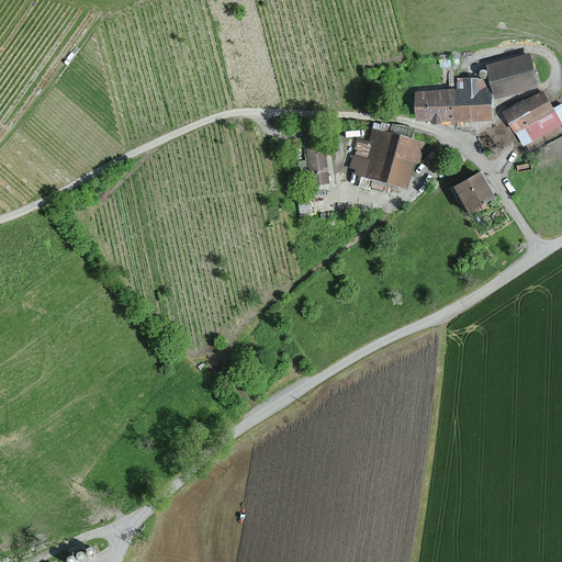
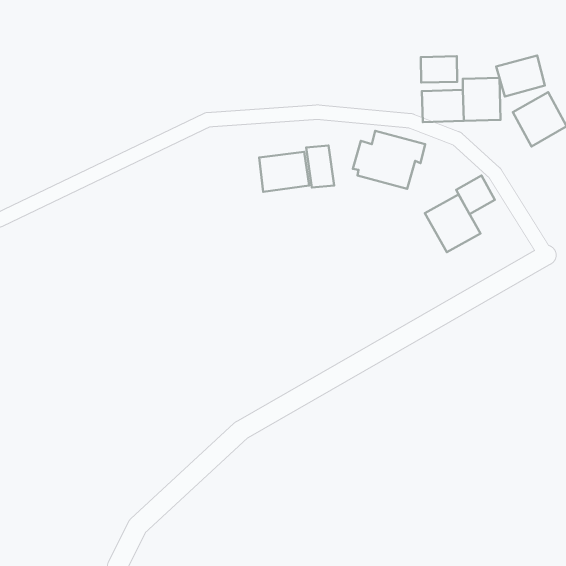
building: none -> [421,56,457,83]
building: none -> [259,152,309,192]
building: none -> [425,195,480,252]

